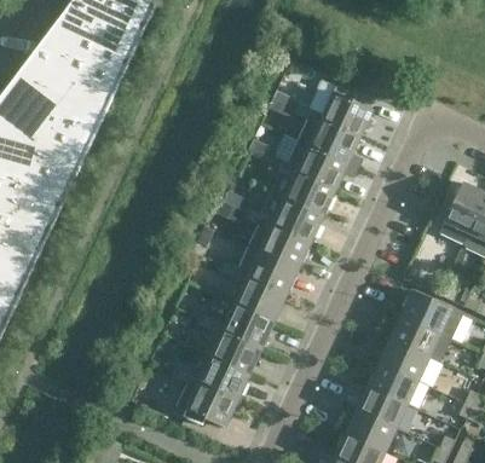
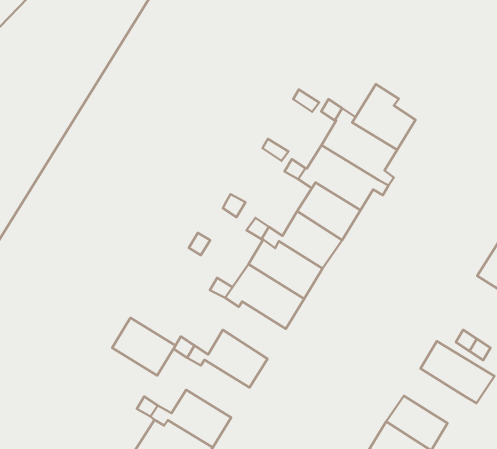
building: [233,277,285,322] -> none
building: [389,314,450,361] -> none
building: [209,329,261,374] -> [112,318,176,375]

